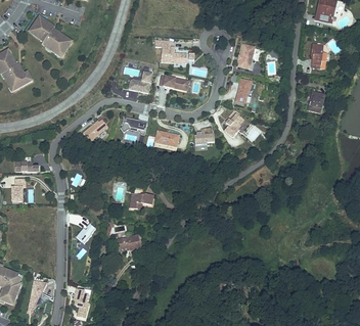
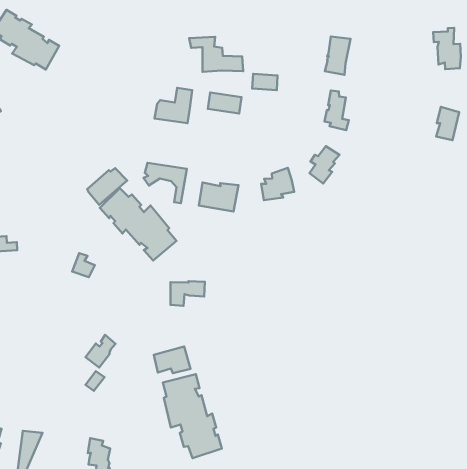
building: none -> [100,188,177,260]
building: none -> [163,374,222,458]

